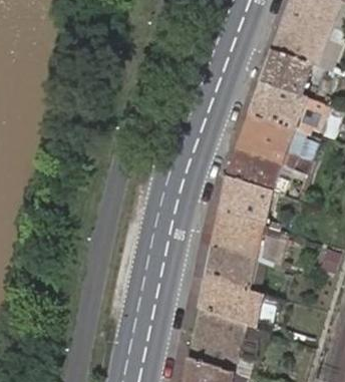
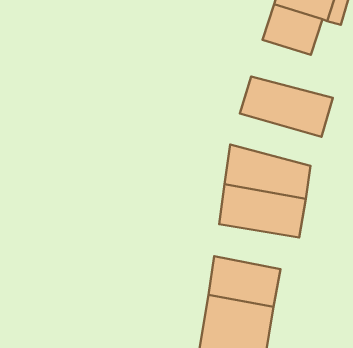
building: [246,84,328,139] -> none
building: [224,148,305,199] -> none
building: [204,246,280,291] -> none

